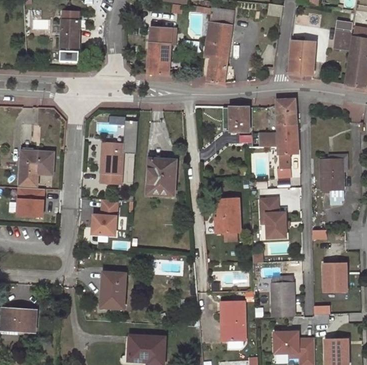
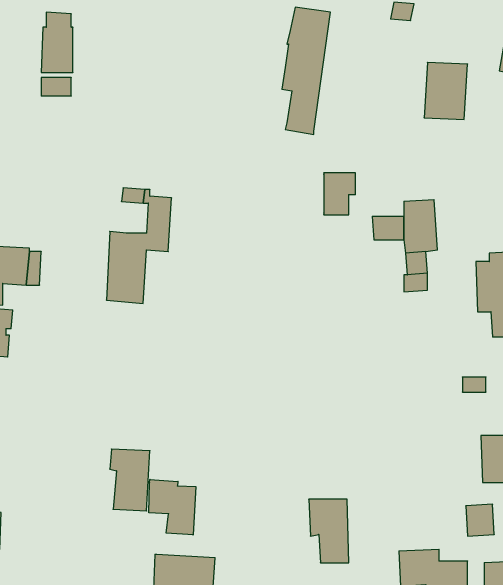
building: [148,26,175,74] -> none
building: [276,99,295,123] -> none
building: [146,158,176,194] -> none
building: [92,198,117,234] -> none
building: [217,198,240,232] -> none
building: [259,198,286,238] -> none
building: [271,281,294,316] -> none
building: none -> [149,479,196,535]

